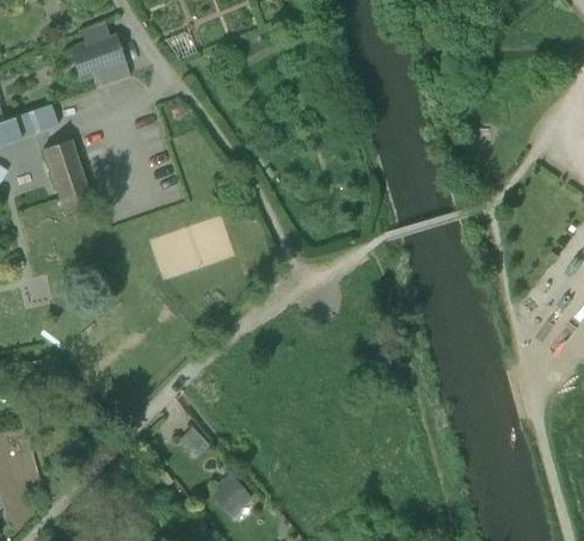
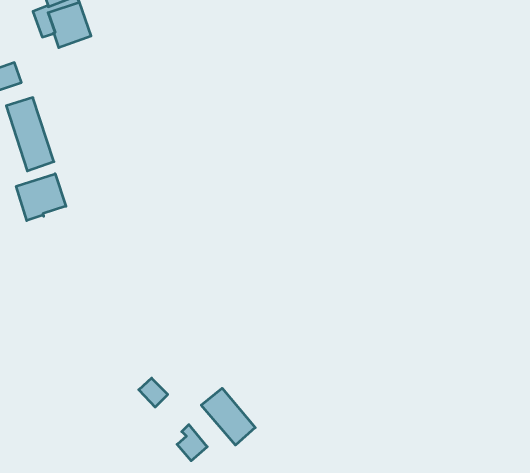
building: none -> [16,174,66,221]
building: none -> [201,388,255,445]

